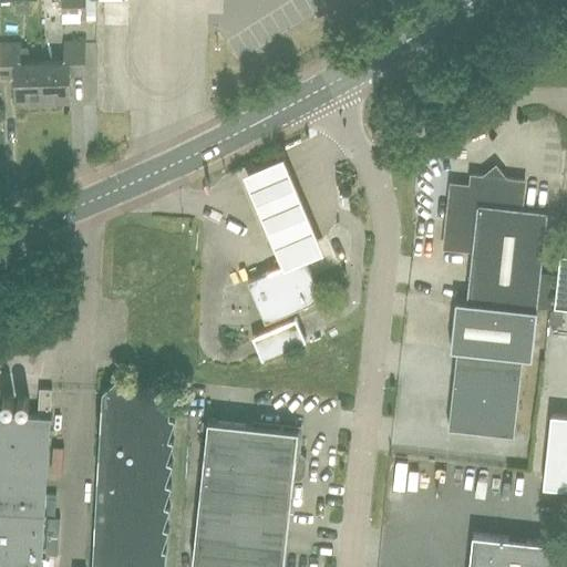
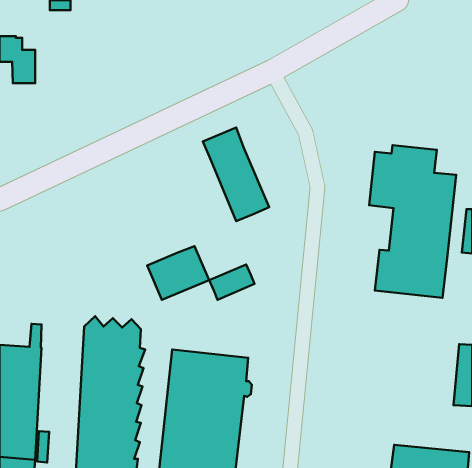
building: [42,47,84,105] -> none
building: [246,262,320,327] -> [147,246,209,300]
building: [446,367,519,440] -> none

